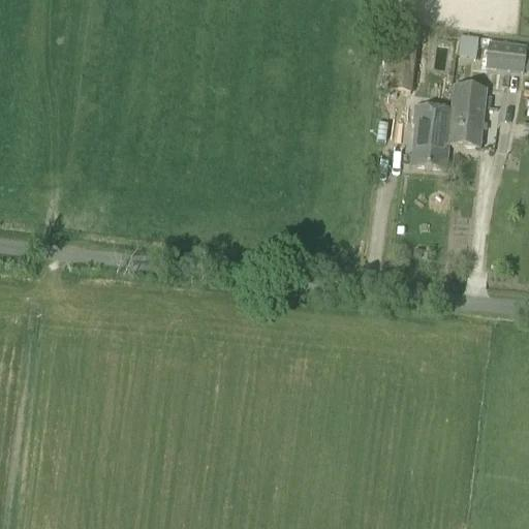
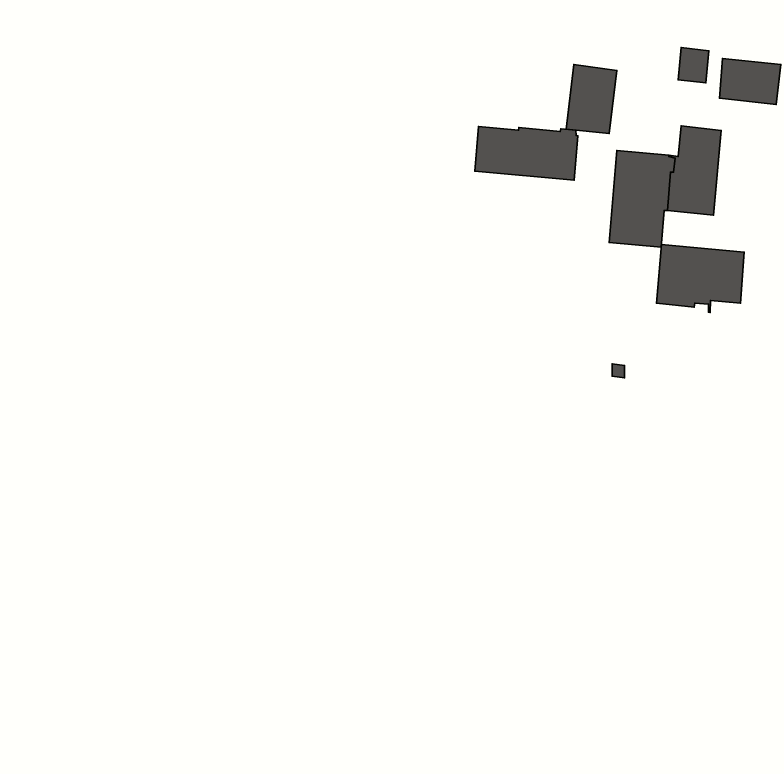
building: none -> [475,127,578,180]
building: none -> [657,244,744,313]

